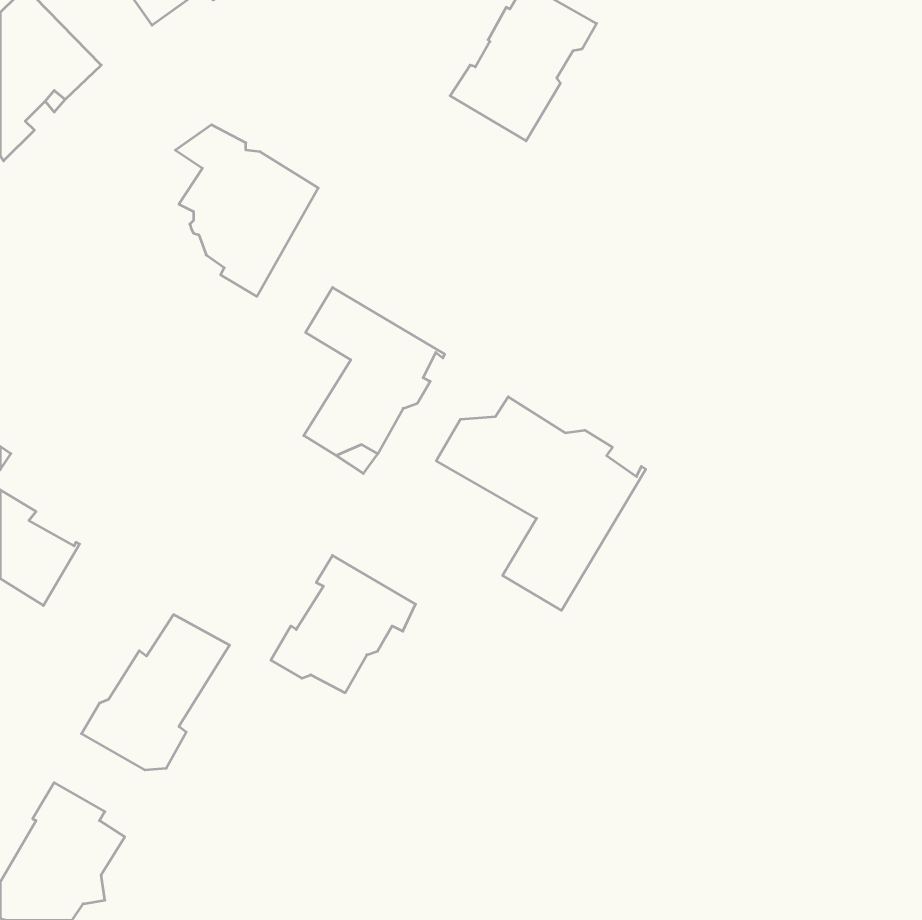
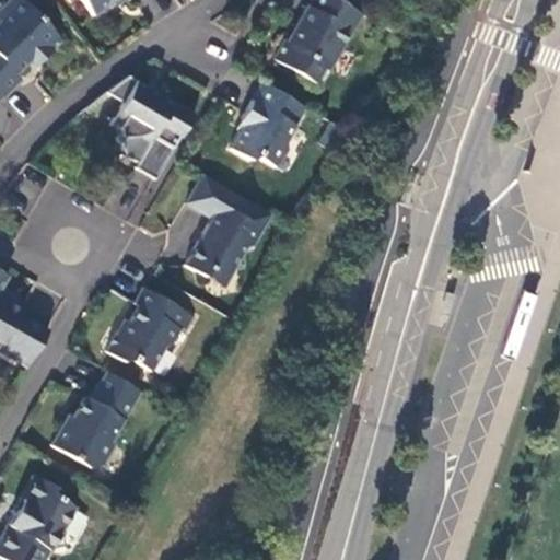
building: none -> [230,83,305,167]
building: [436,397,646,610] -> none
building: [271,555,416,693] -> [106,287,194,370]

